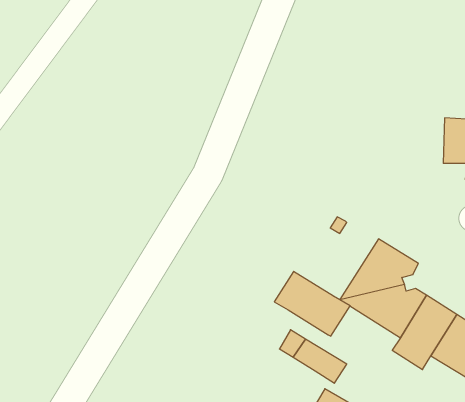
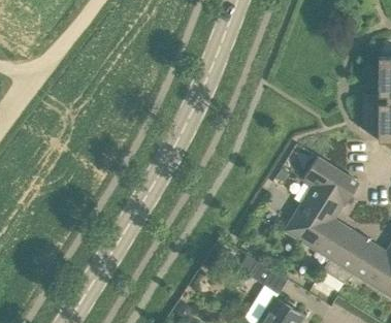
building: [274,271,350,336] -> [302,157,359,205]

